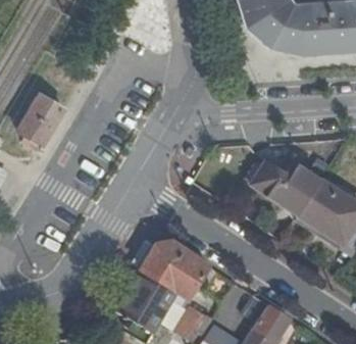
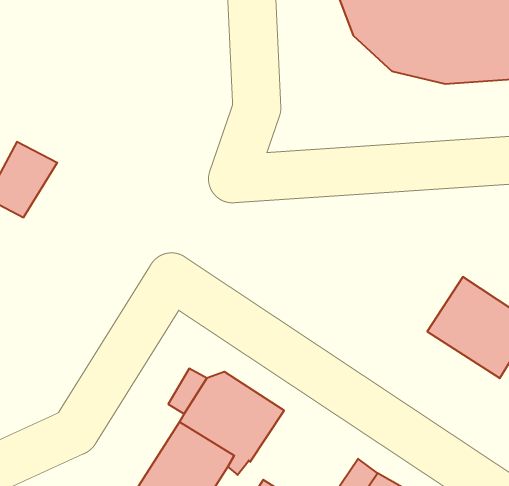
building: [251,162,319,214] -> none

